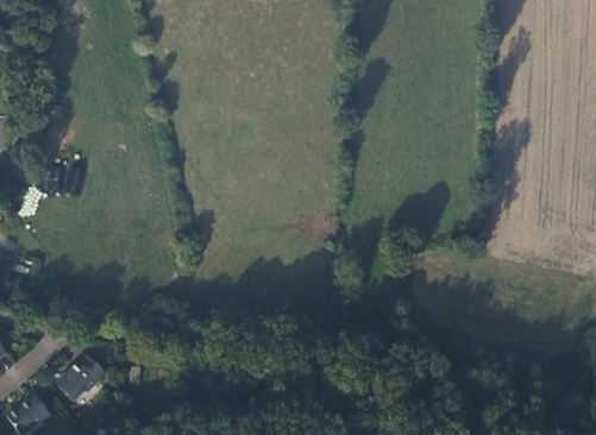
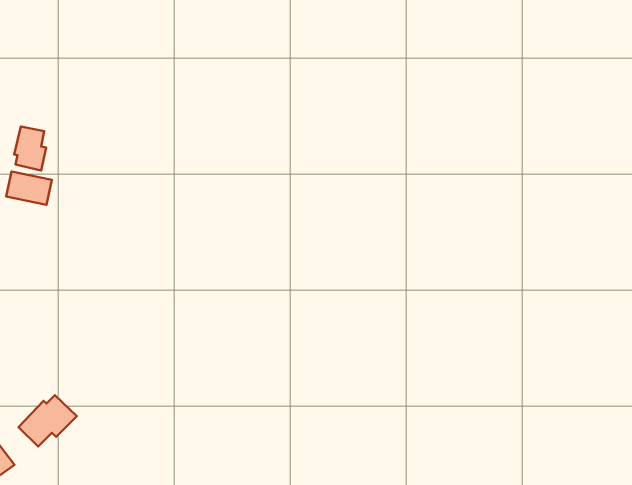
building: none -> [14,126,46,171]

